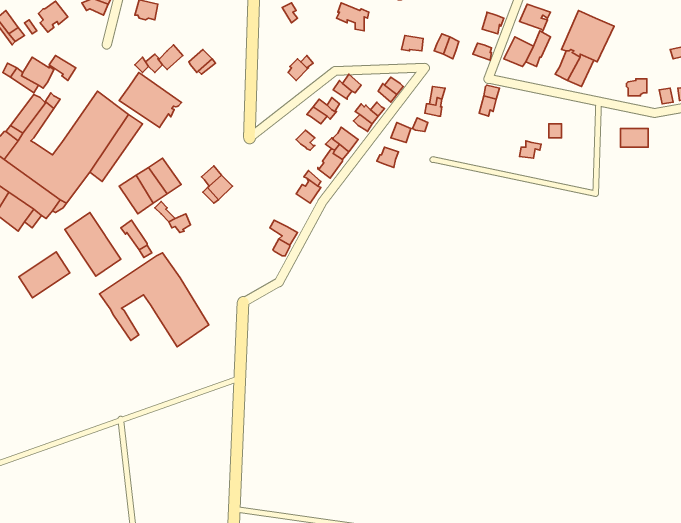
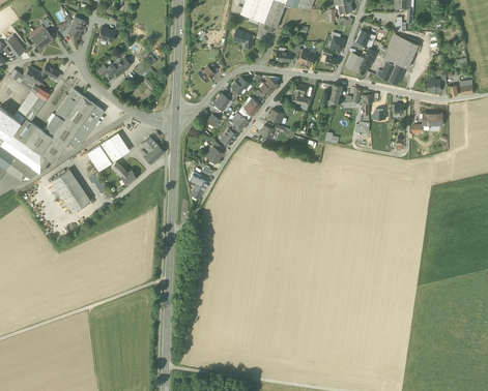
building: [119,73,181,127] -> none
building: [19,252,70,298] -> none
building: [99,253,209,347] -> none

